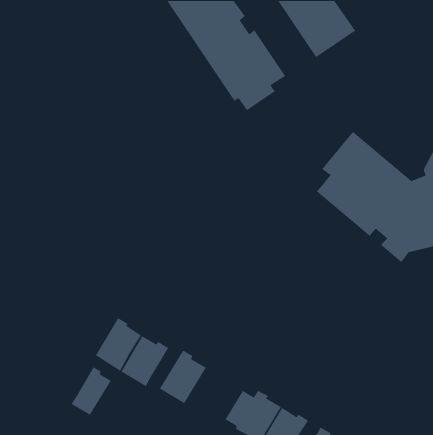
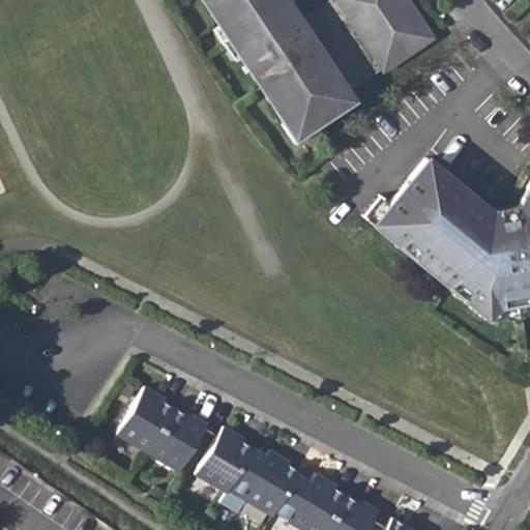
building: [70,366,112,416] -> none
building: none -> [222,447,300,516]

